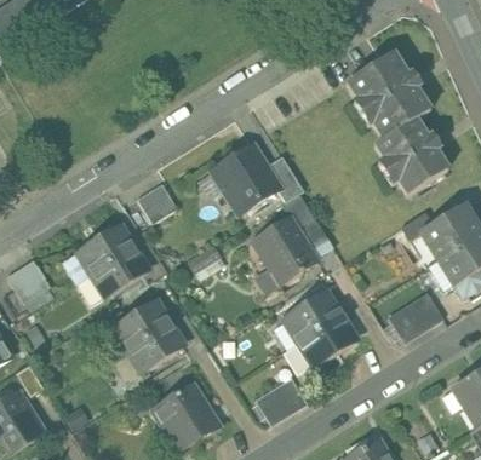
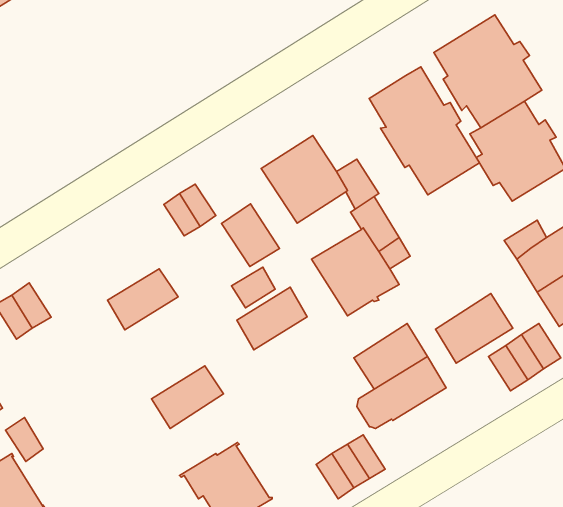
building: none -> [369,67,479,195]
building: none -> [221,204,279,266]
building: [79,224,133,271] -> none
building: none -> [436,293,513,363]
building: [114,299,168,347] -> [237,287,307,350]

